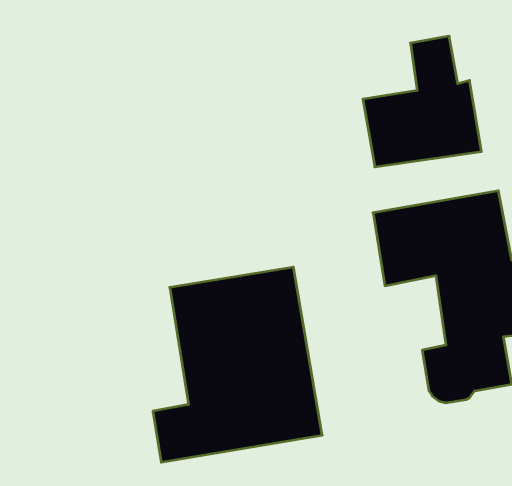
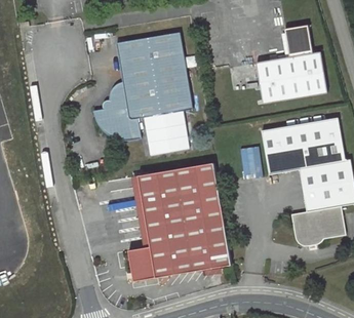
building: none -> [93,32,193,141]
building: none -> [148,125,178,154]

